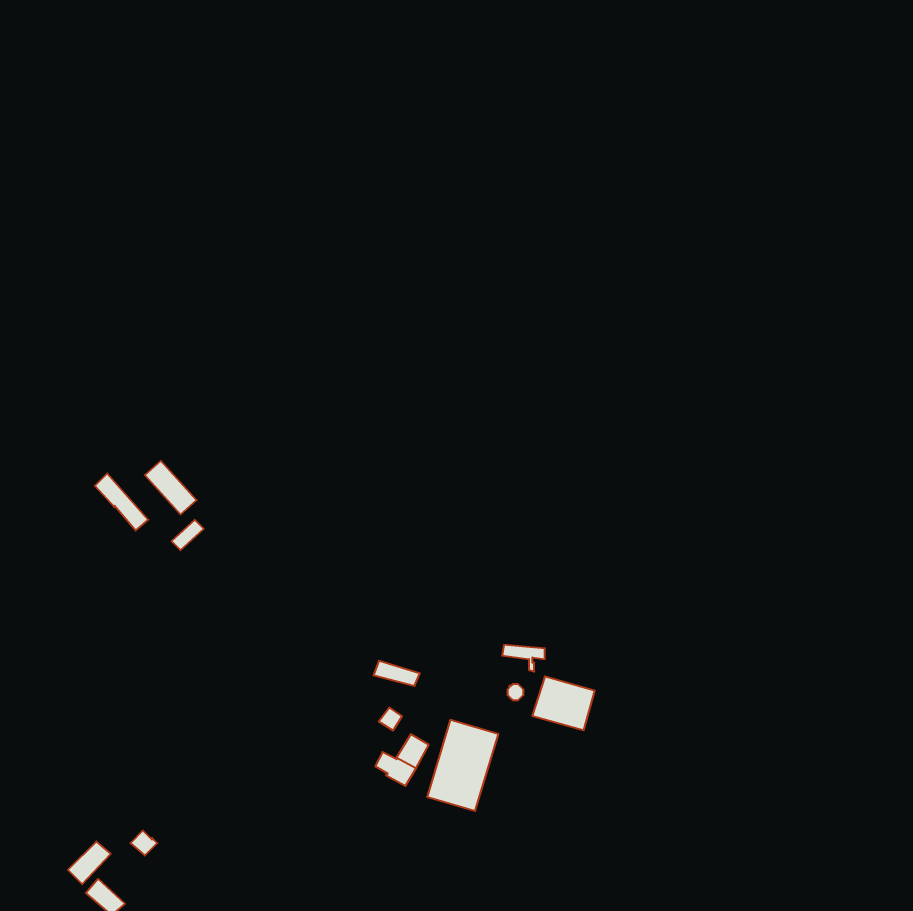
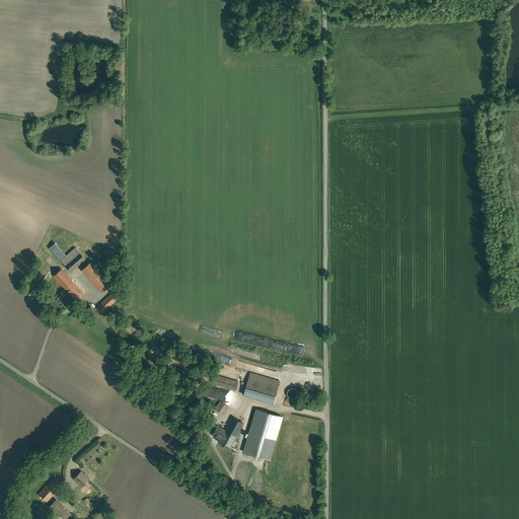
building: none -> [50,244,85,273]
building: [532,676,595,730] -> [243,374,279,404]

